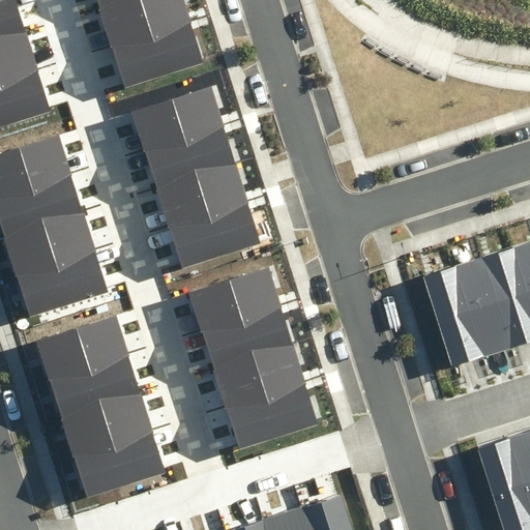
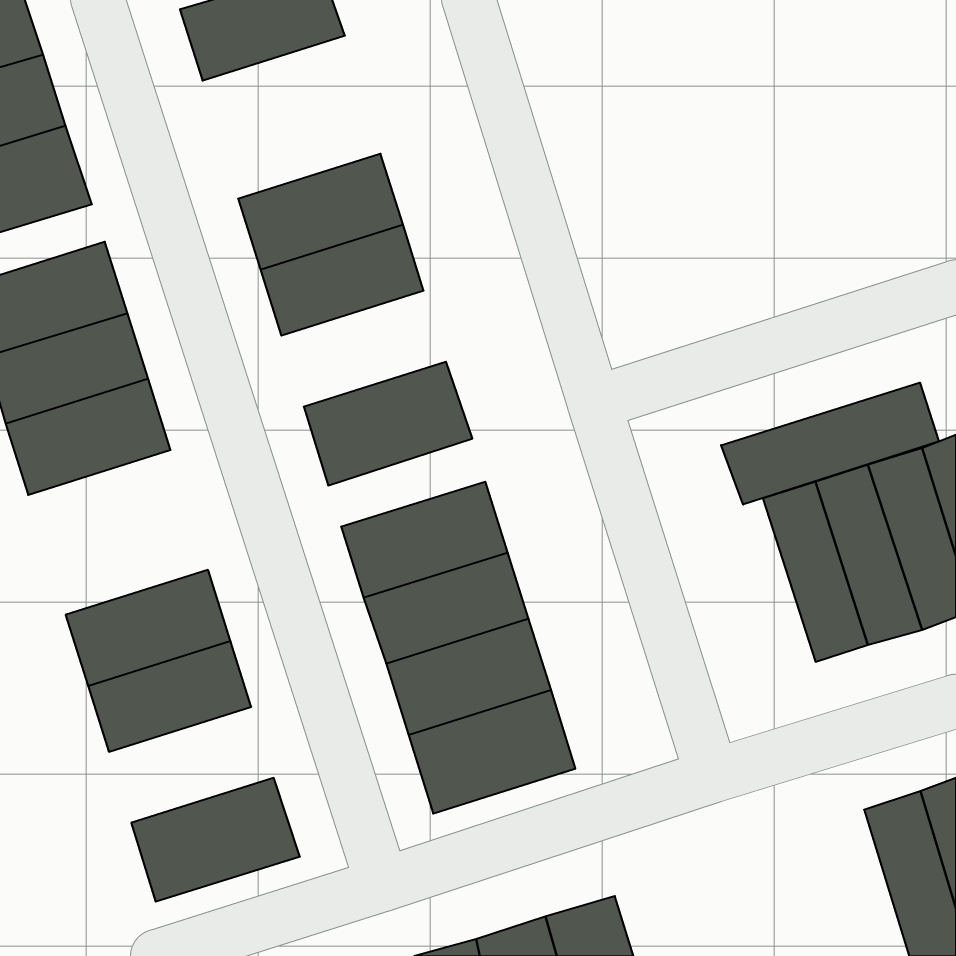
building: [112,20,204,88] -> none
building: [155,160,246,225] -> none
building: none -> [721,383,939,505]
building: [16,248,109,317] -> none
building: [60,390,151,454] -> none

